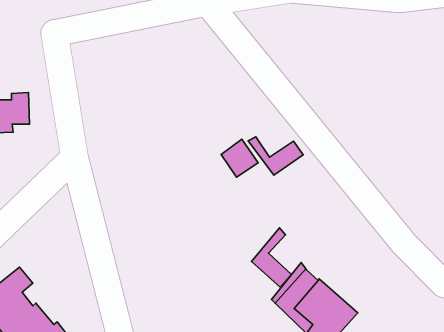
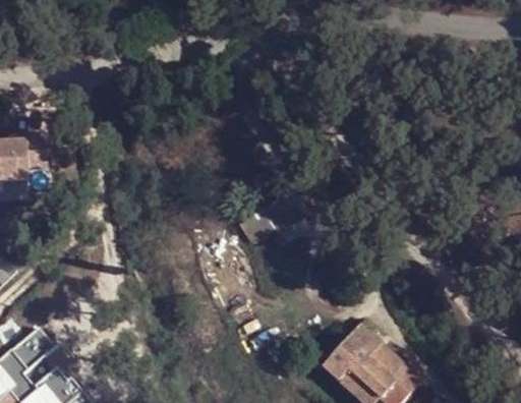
building: [248,137,303,175] -> none
building: [251,228,292,287] -> none

